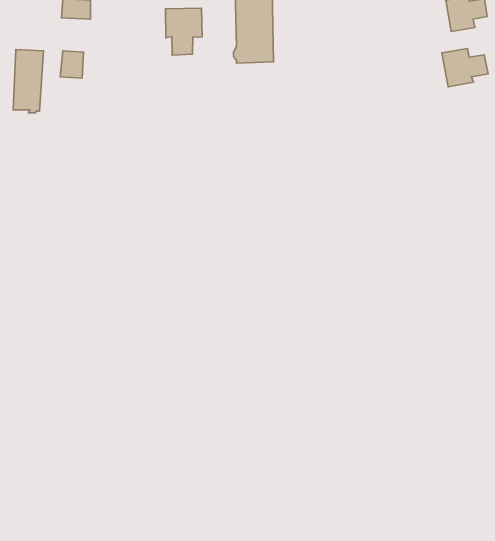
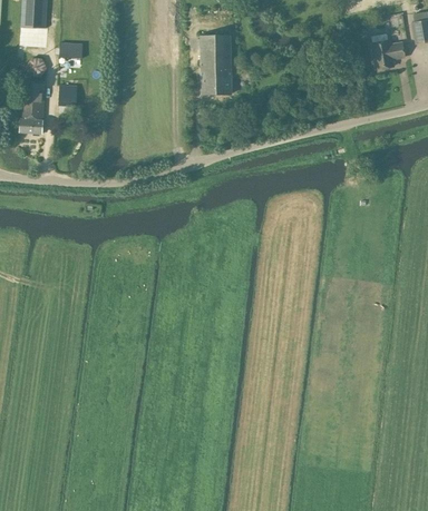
building: [165,8,202,55] -> none
building: [442,48,488,87] -> none

